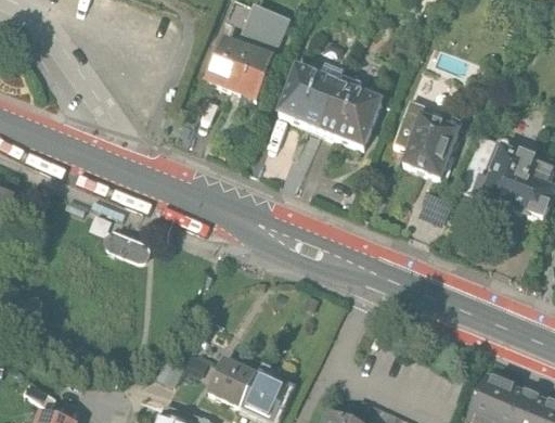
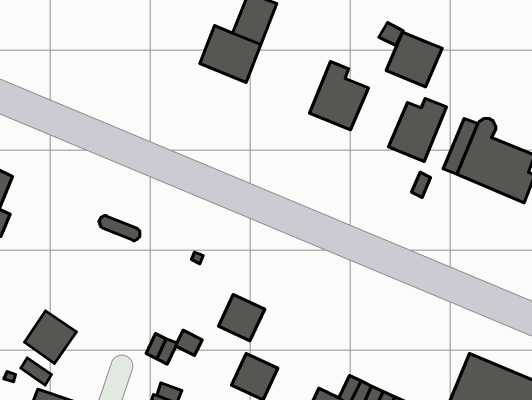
building: none -> [386,32,442,87]
building: [278,66,341,127] -> none
building: none -> [25,311,77,363]
building: [207,359,255,407] -> [218,294,265,341]

